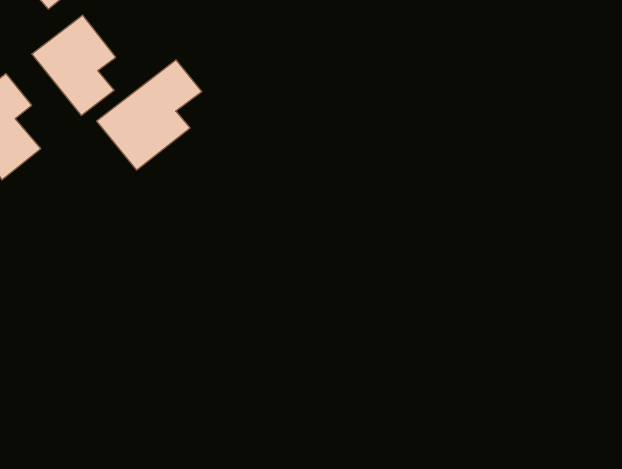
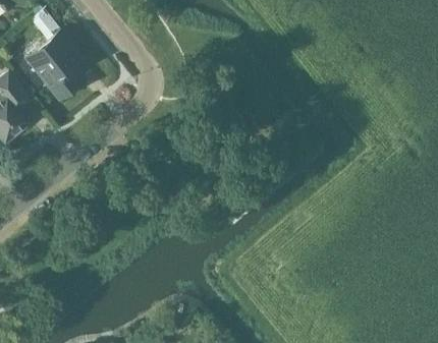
building: [97,60,202,170] -> none

